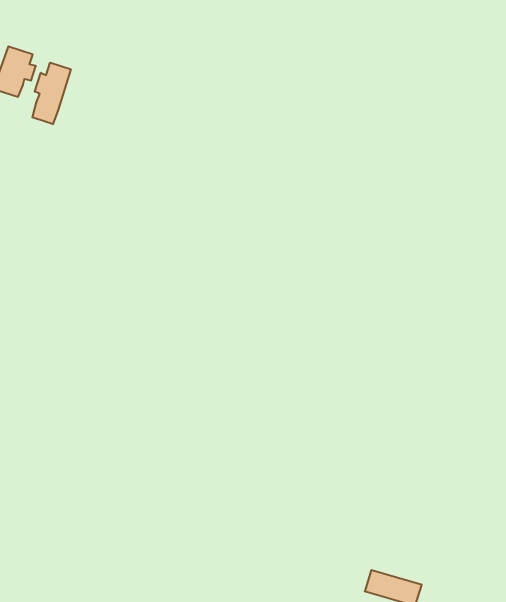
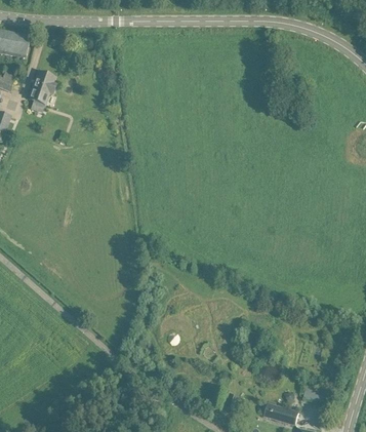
building: [32,63,71,124] -> none

